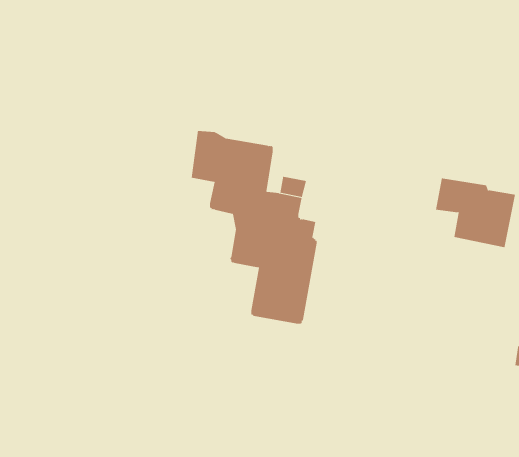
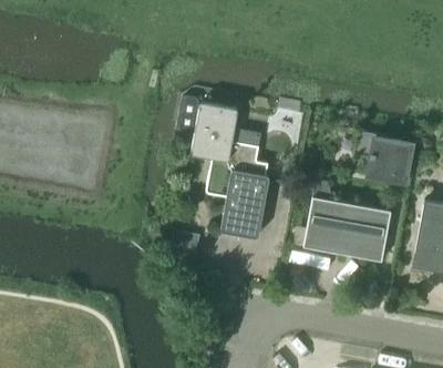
building: none -> [303,180,390,262]

